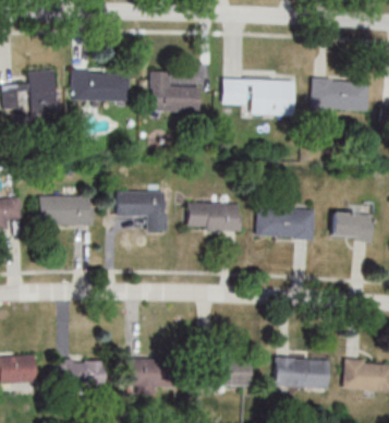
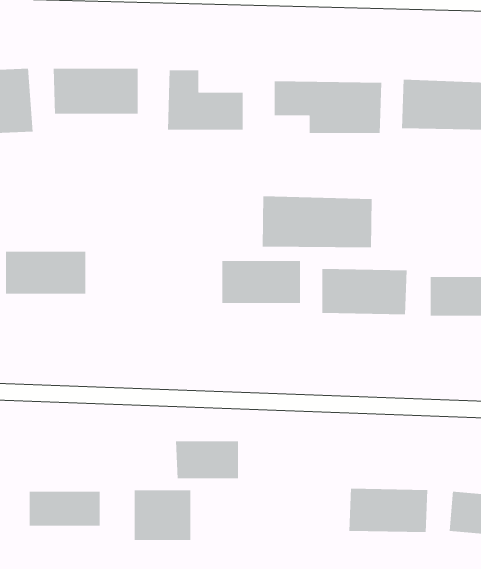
building: none -> [262,196,372,248]
building: [116,191,170,231] -> none
building: [208,360,252,386] -> [175,441,239,479]

